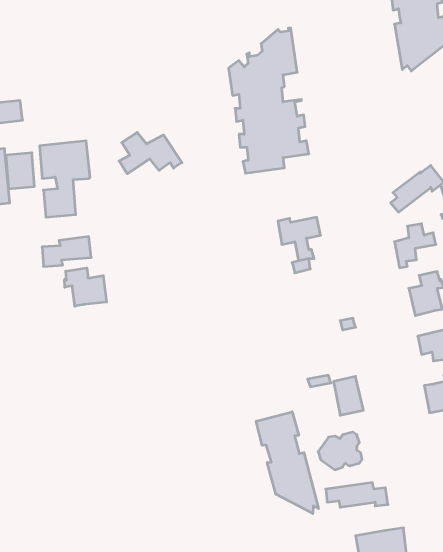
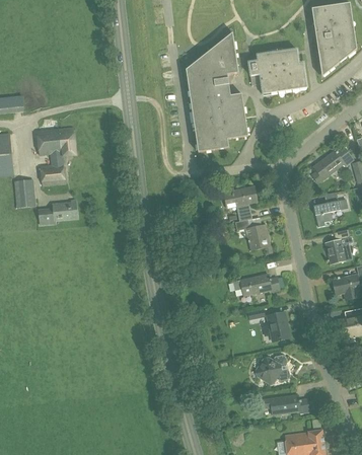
building: none -> [247,49,306,93]
building: [119,132,182,174] -> none
building: [6,153,34,189] -> [13,178,35,207]
building: none -> [246,223,272,253]
building: [65,268,107,306] -> none
building: none -> [232,273,279,294]
building: [256,412,318,514] -> none

